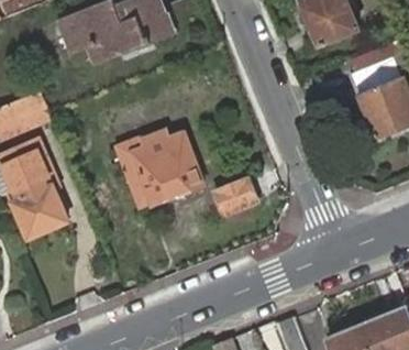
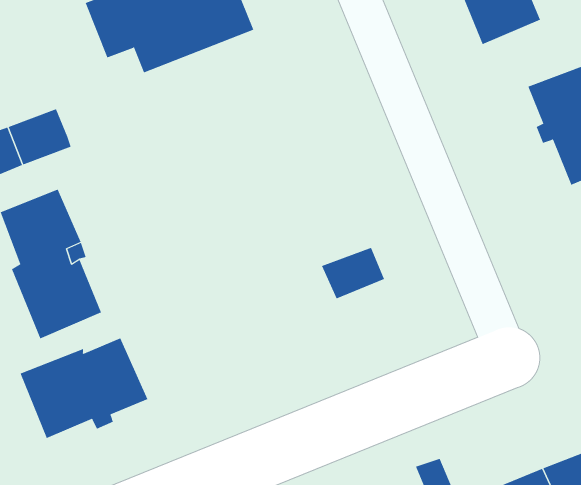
building: [107,132,200,207] -> none
building: none -> [20,338,148,439]

